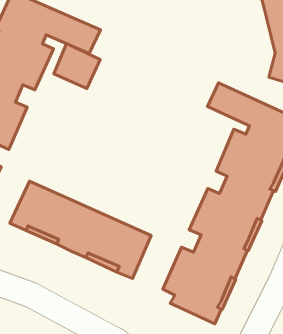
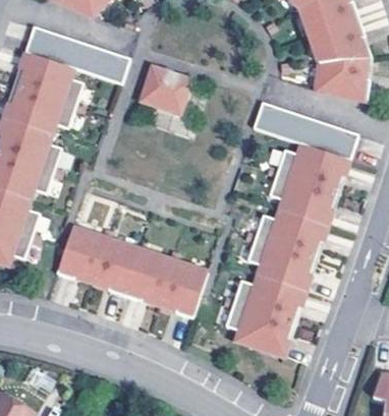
building: [54,44,100,89] -> [141,66,188,112]

